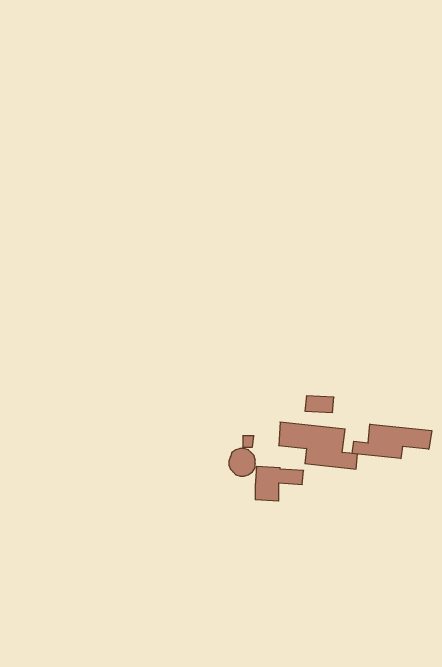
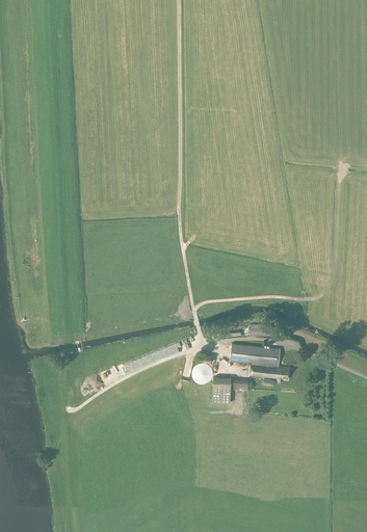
building: [352,424,432,459] -> none

